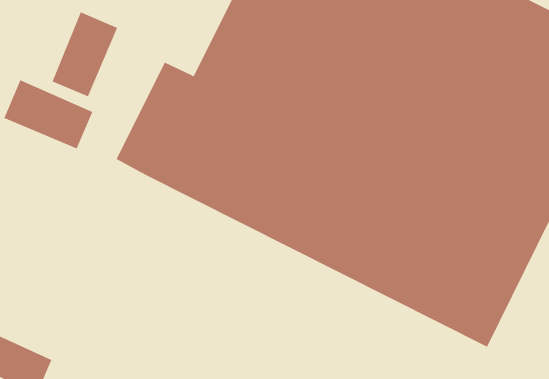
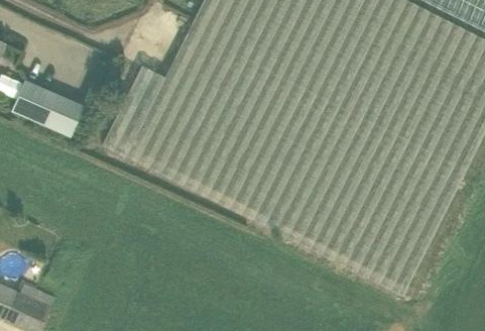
building: [52,11,118,97] -> none

